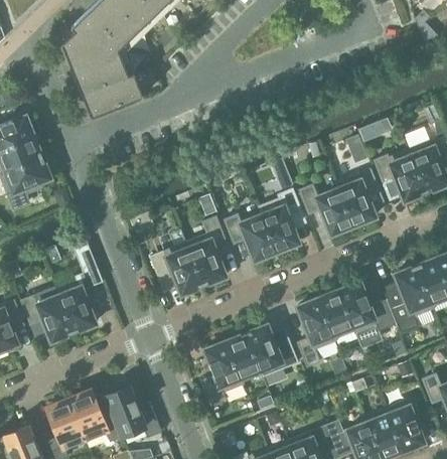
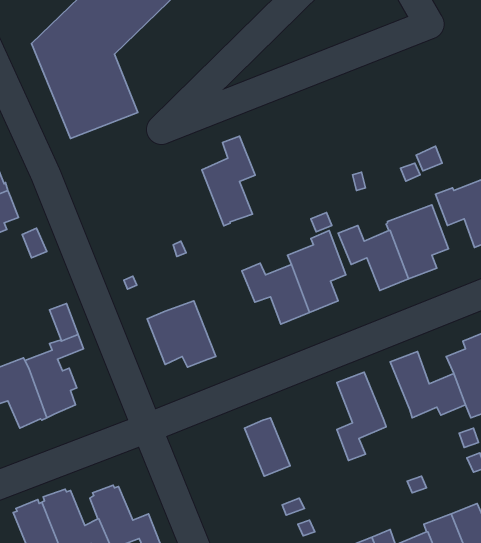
building: [187,216,229,286] -> [202,136,255,226]
building: [319,290,354,335] -> none
building: [247,325,298,376] -> none
building: [203,341,244,405] -> none

